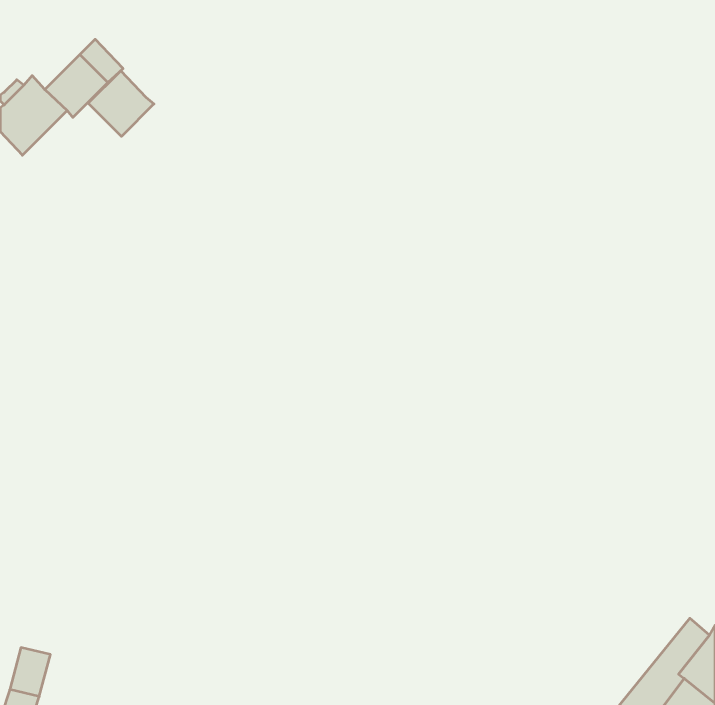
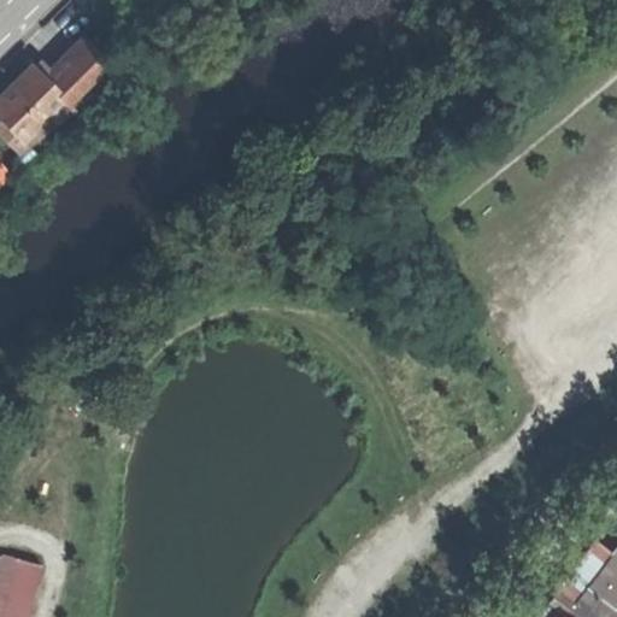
building: [88,71,154,136] -> none

